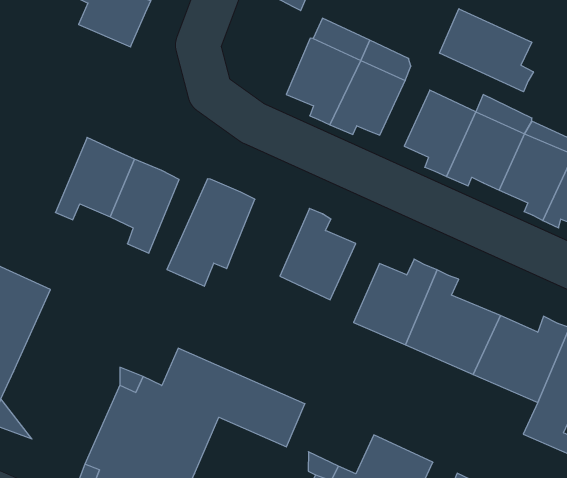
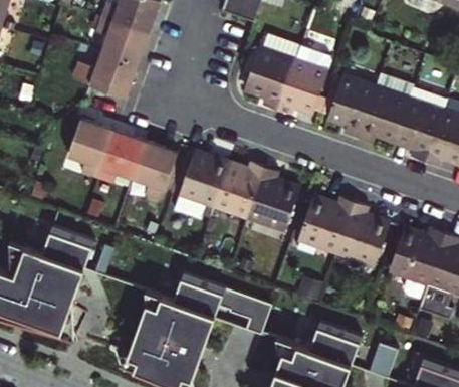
building: [440,9,533,92] -> none
building: none -> [76,55,136,101]
building: none -> [66,120,111,183]
building: none -> [216,161,265,213]

